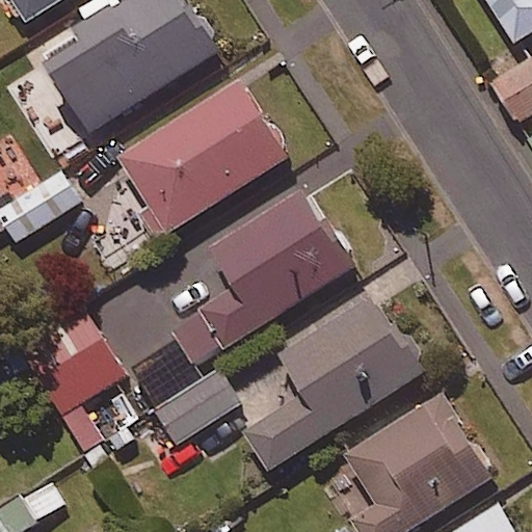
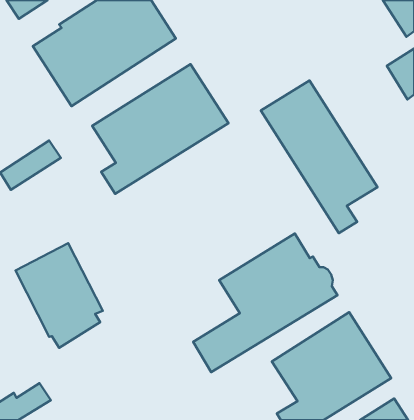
building: none -> [261,80,377,233]
building: [169,189,356,365] -> none
building: [140,367,238,442] -> none

